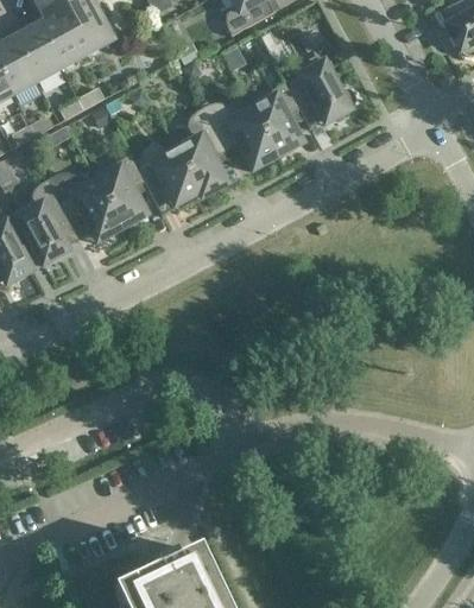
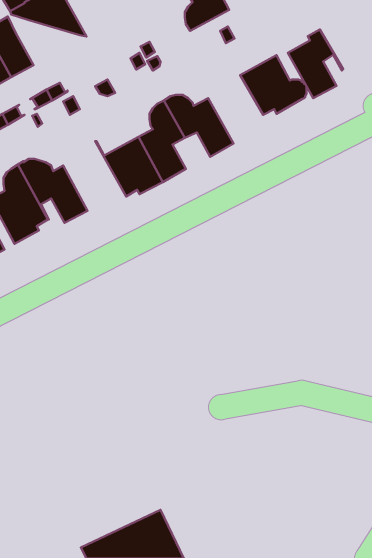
building: [36,17,120,71] -> none
building: [251,82,310,156] -> [288,30,343,98]
building: [95,153,163,228] -> none

